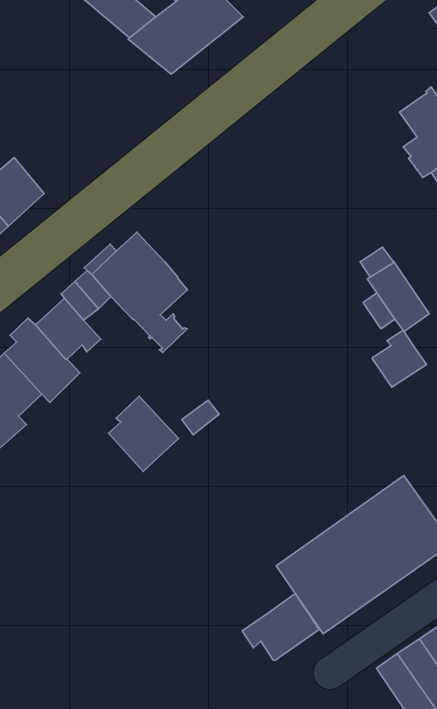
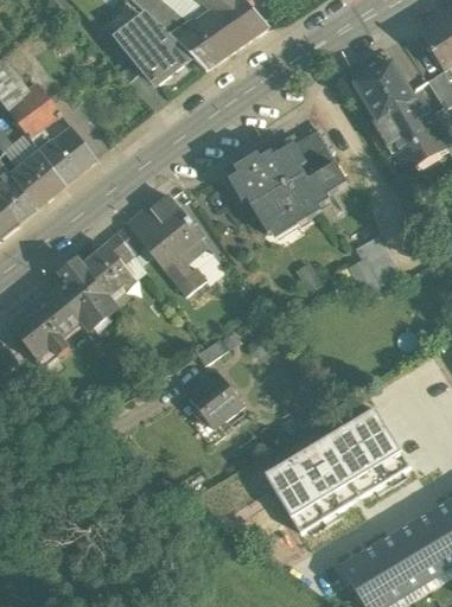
building: none -> [115,19,191,84]
building: none -> [350,56,414,146]
building: none -> [228,129,344,232]
building: [372,330,426,387] -> none
building: [108,396,179,472] -> [185,368,242,429]
building: [242,593,319,661] -> none

